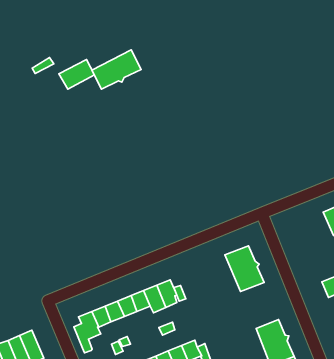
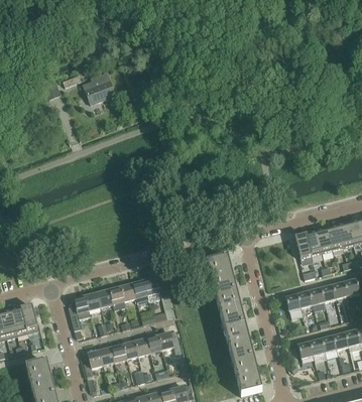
building: [92,50,141,89] -> none
building: none -> [214,289,243,327]

